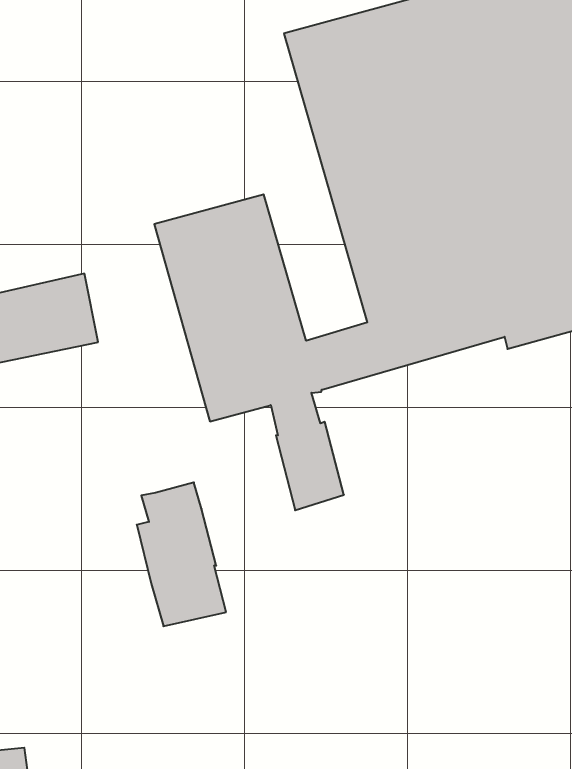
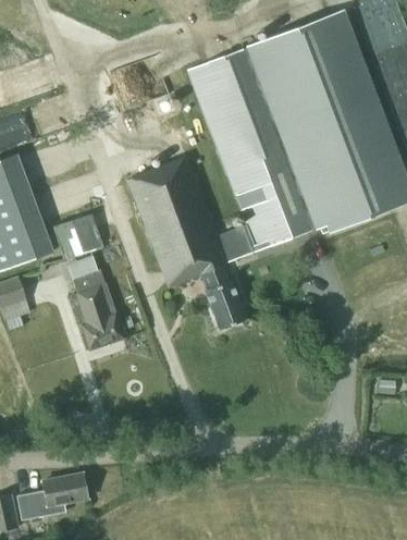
building: [137,482,226,626] -> [70,269,123,349]

